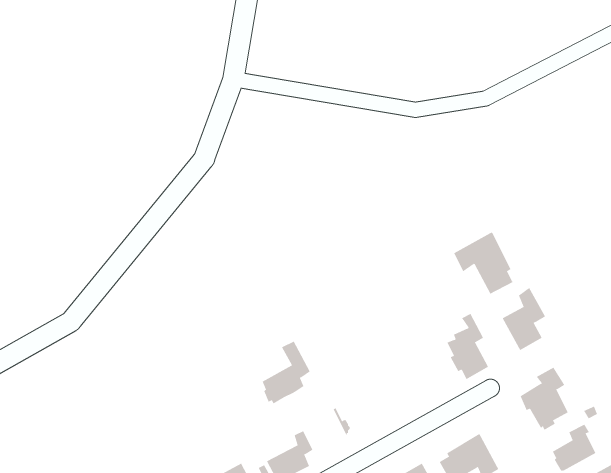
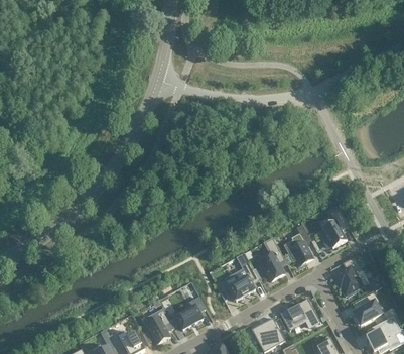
building: [451,231,515,295] -> none
building: none -> [258,237,284,281]
building: [262,341,311,404] -> [228,261,258,301]

